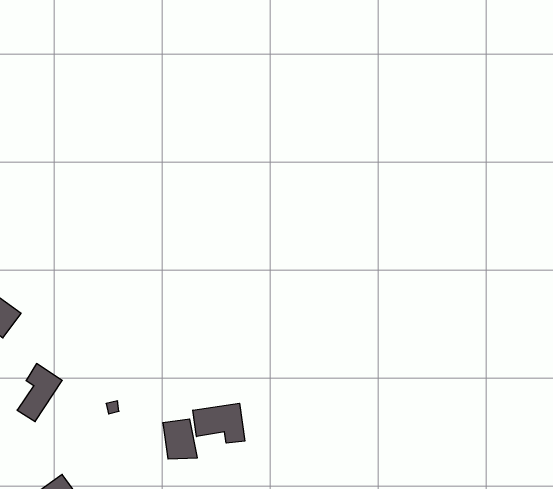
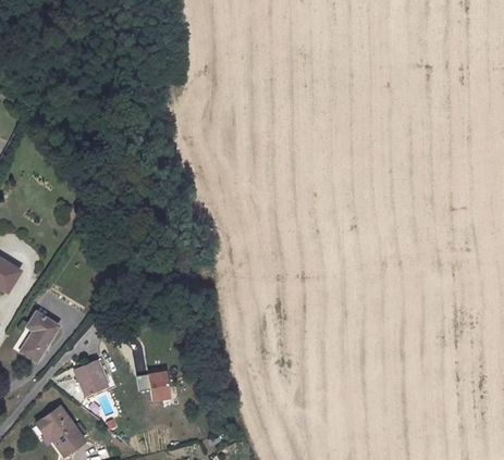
building: [193,403,245,443] -> none
building: none -> [73,361,107,398]

